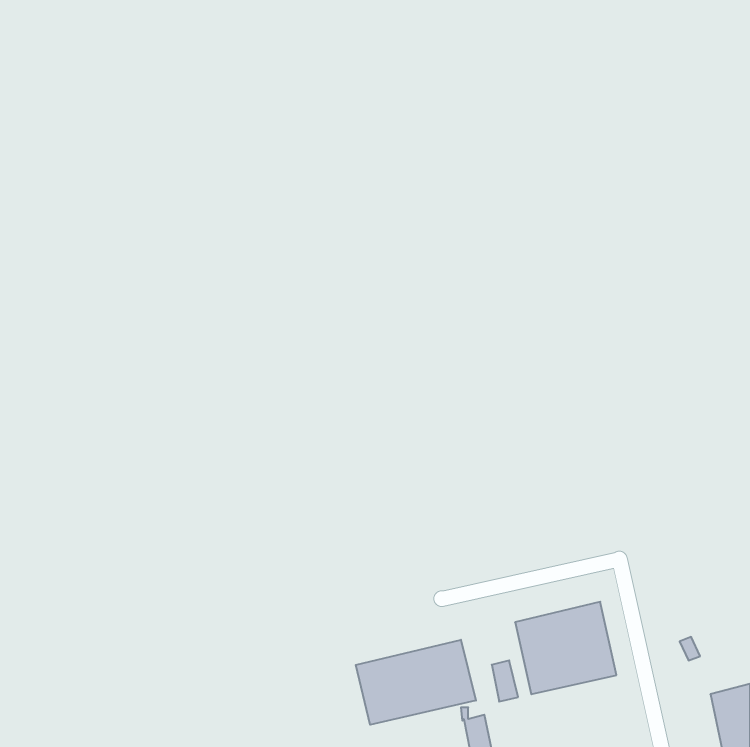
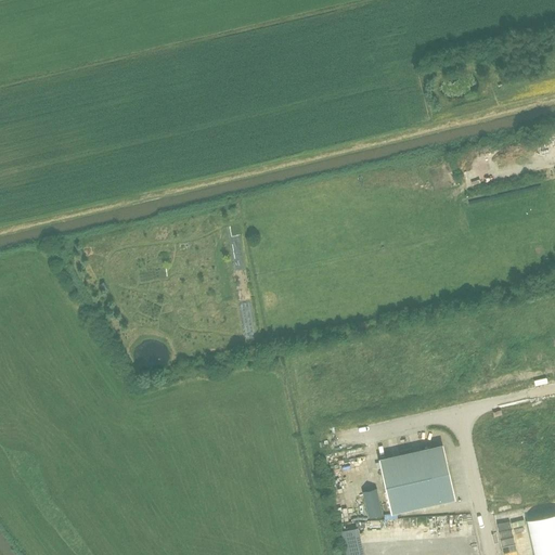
building: [356,640,476,725] -> none

